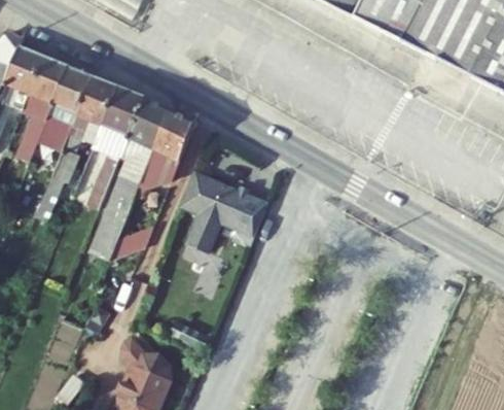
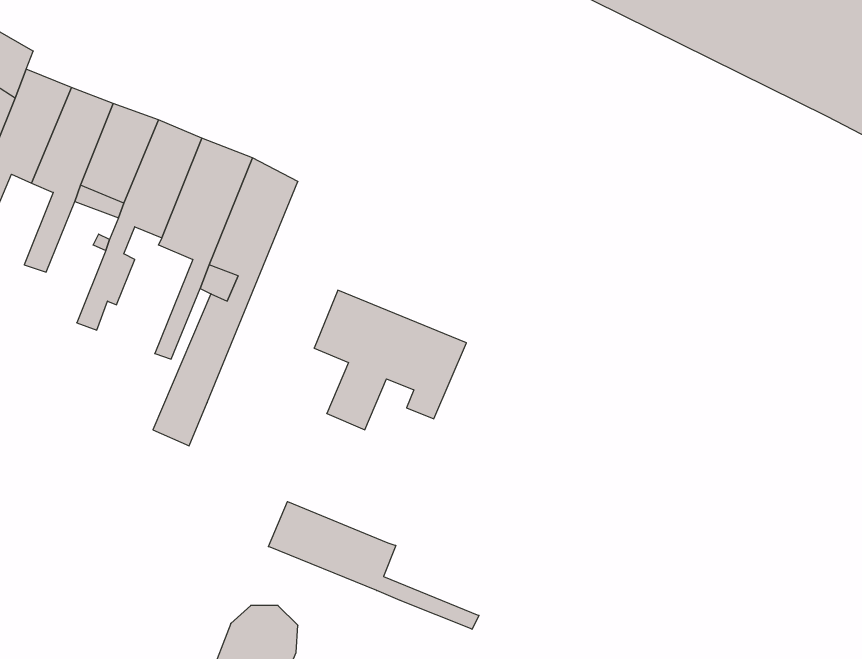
building: [118,109,194,242] -> none
building: none -> [268,502,479,629]

